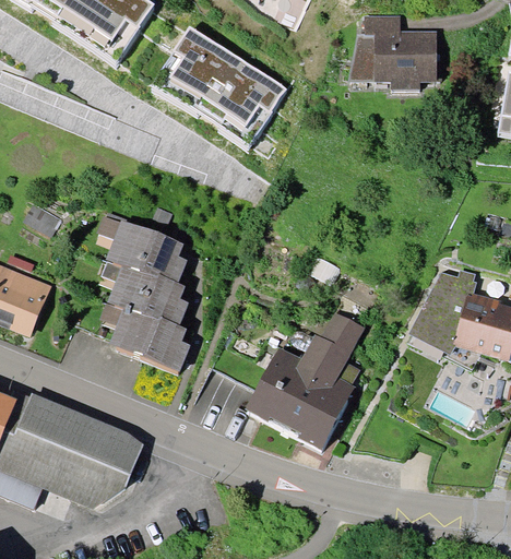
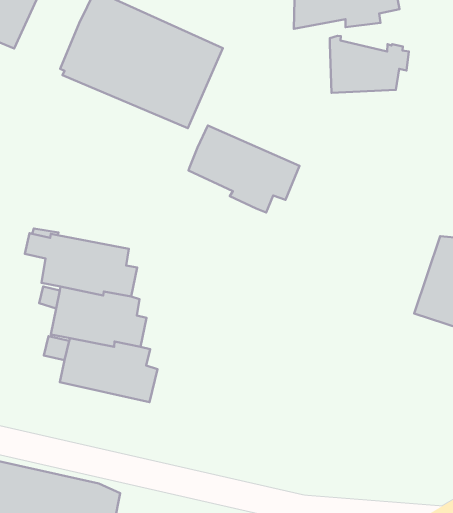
building: none -> [330,36,409,93]
building: none -> [188,126,300,213]
building: [246,310,365,449] -> none

